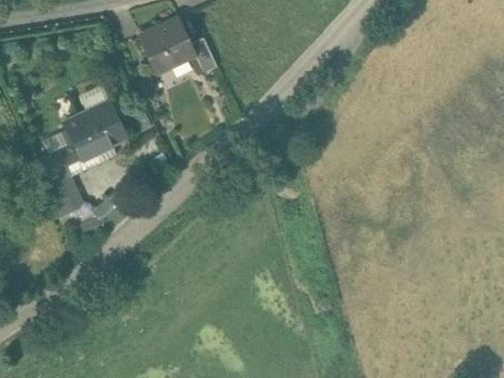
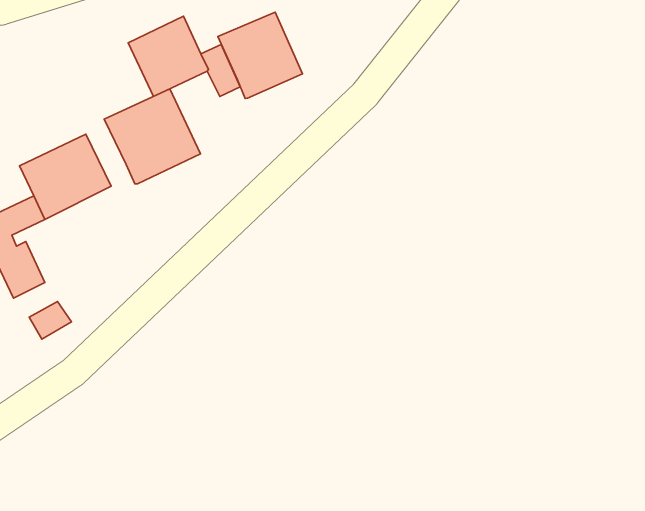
building: none -> [218,12,302,98]
building: none -> [104,89,200,184]

